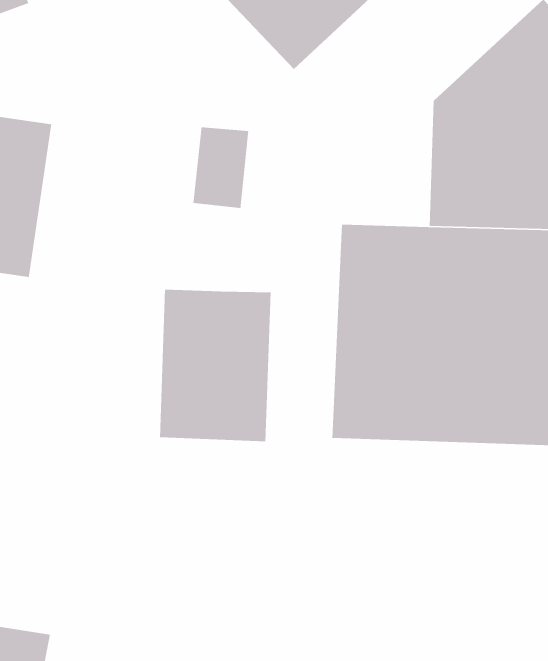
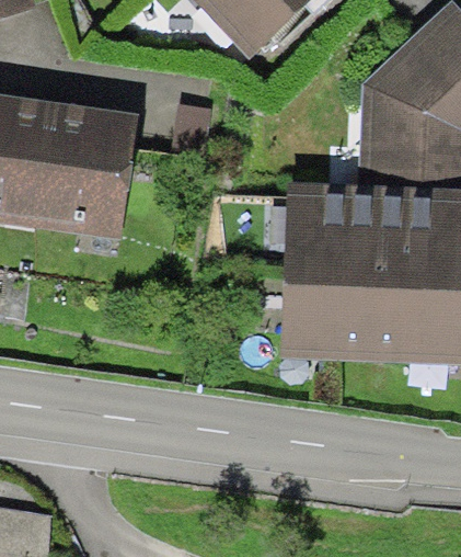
building: none -> [35,102,140,240]
building: [159,289,272,442] -> none

